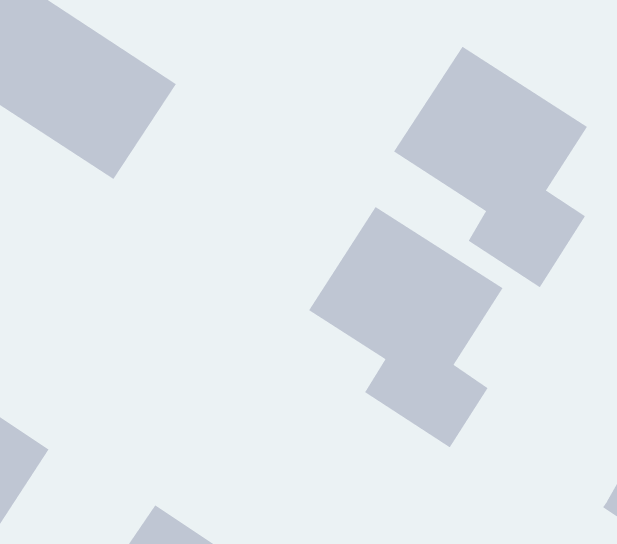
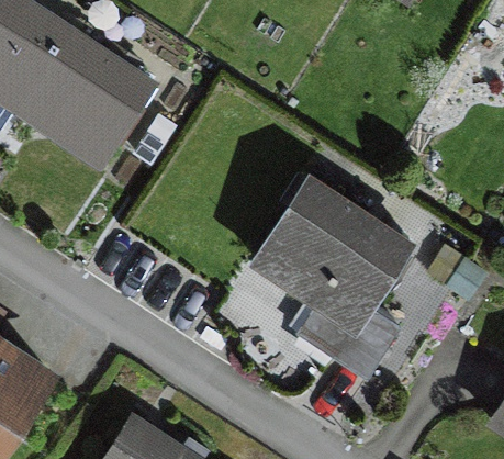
building: [393,46,588,288] -> none

